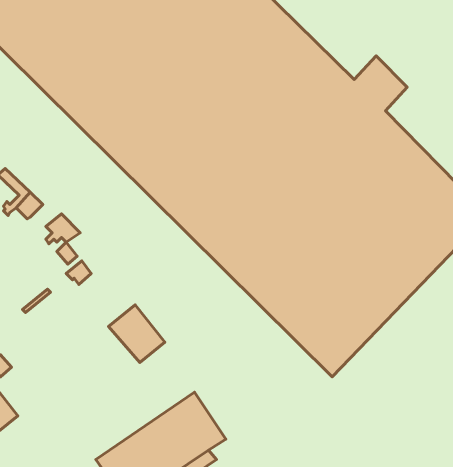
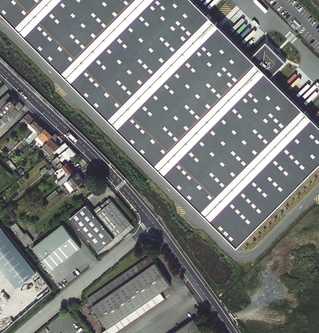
building: none -> [67,205,113,253]
building: none -> [30,224,79,271]

